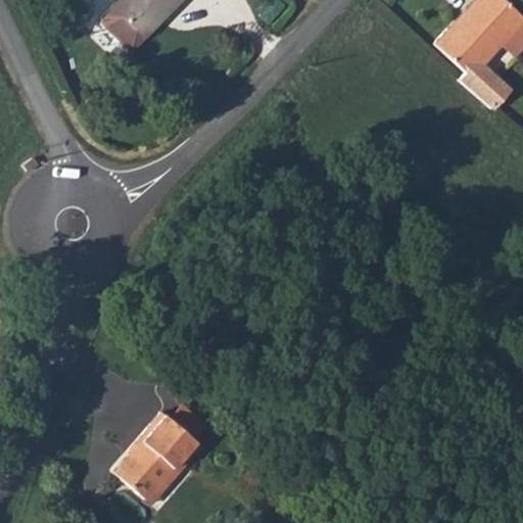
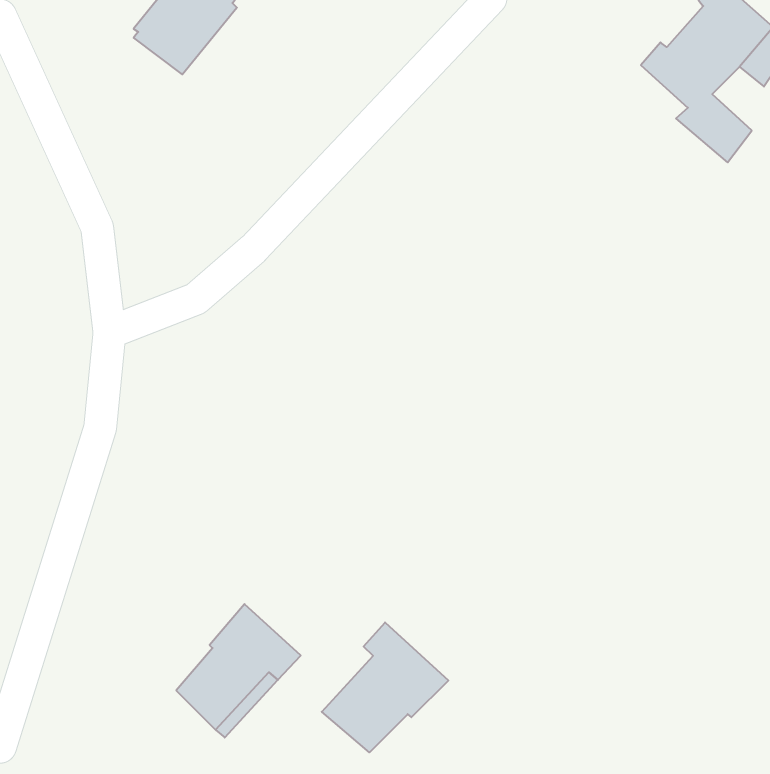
building: none -> [322,622,448,752]

